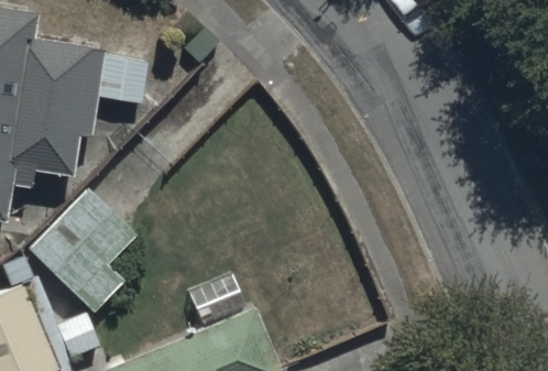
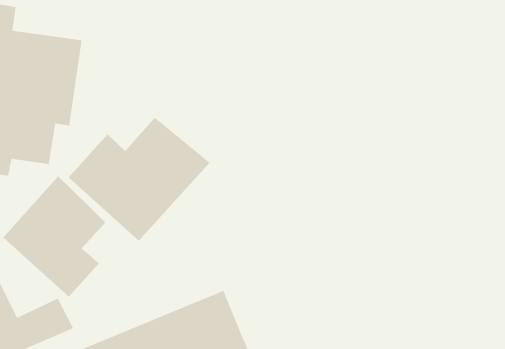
building: none -> [68,117,210,241]

